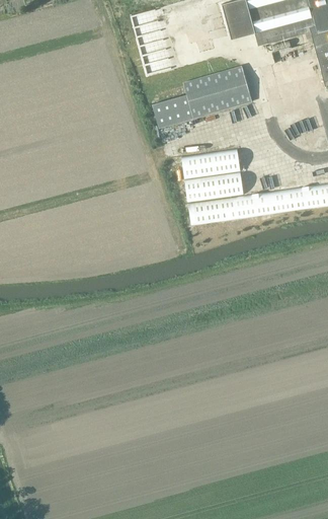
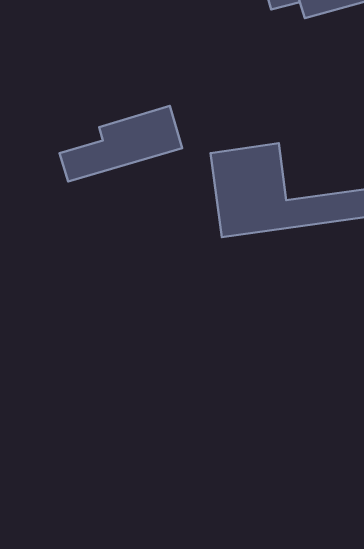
building: [152,66,252,128] -> [59,106,182,181]

